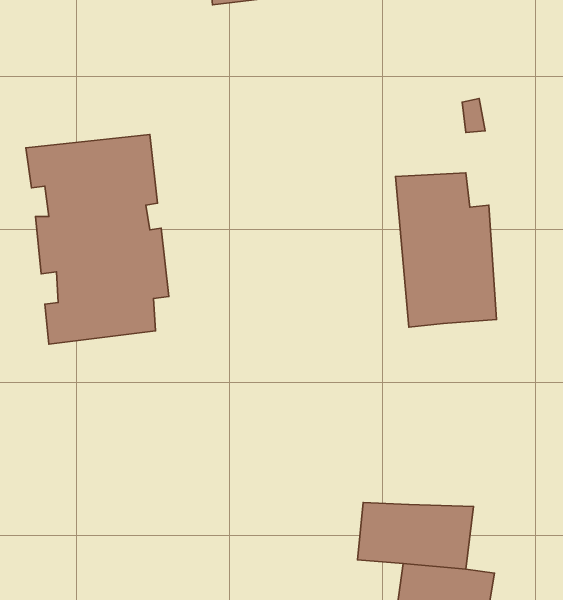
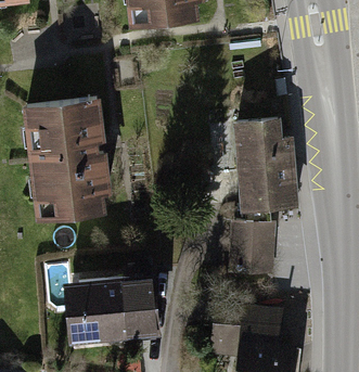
building: none -> [232,207,271,273]
building: none -> [78,270,152,336]

